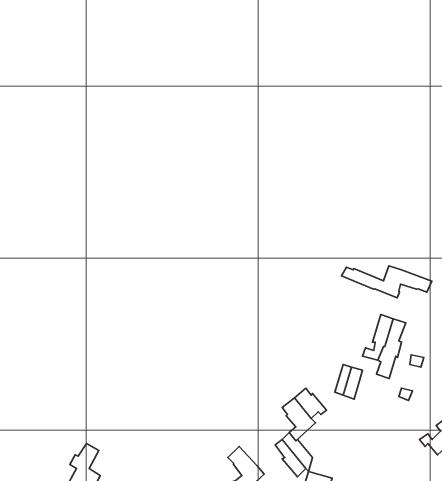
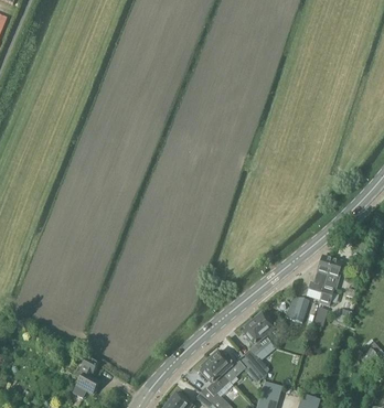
building: [341,266,432,298] -> none
building: none -> [210,351,245,382]

